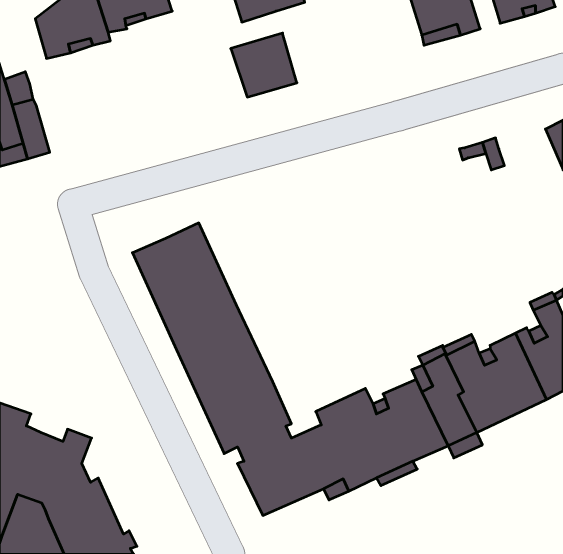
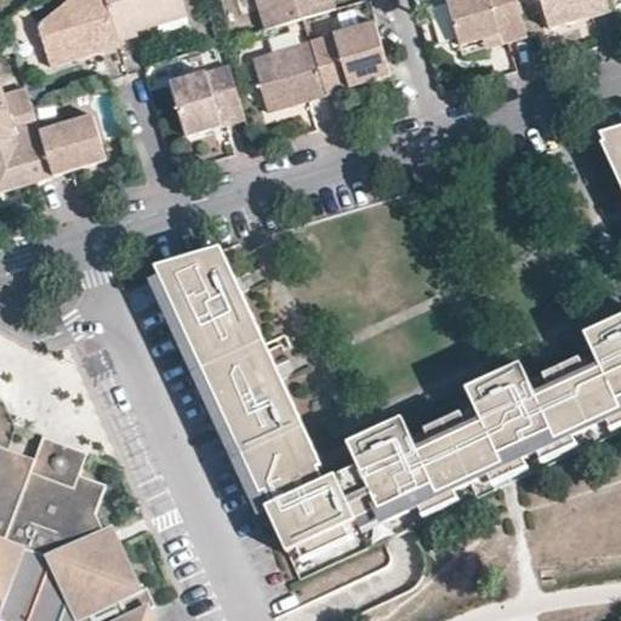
building: none -> [309,15,392,91]
building: none -> [171,59,245,131]
building: none -> [40,106,112,167]
building: none -> [29,433,84,485]

